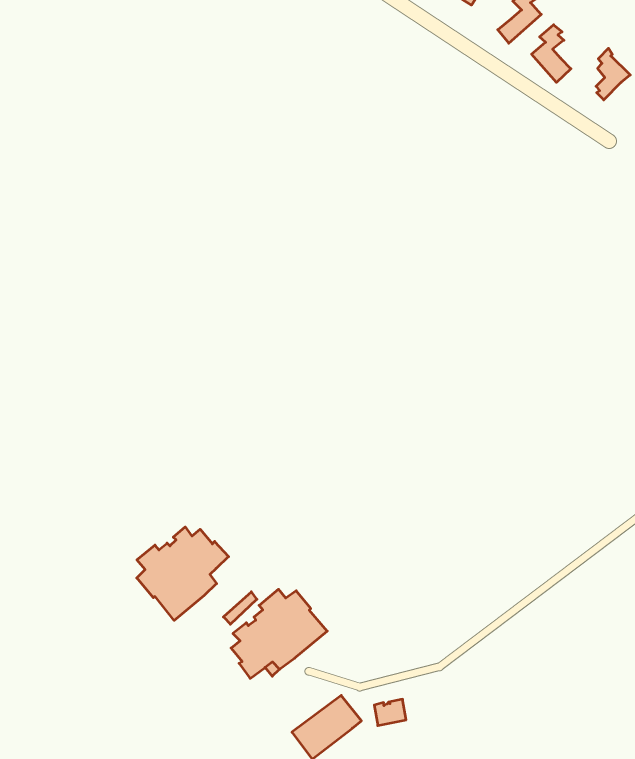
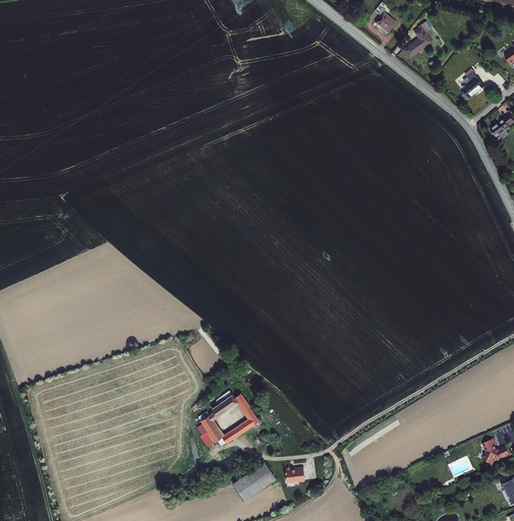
building: [532,25,571,82] -> none
building: [137,527,229,620] -> none

